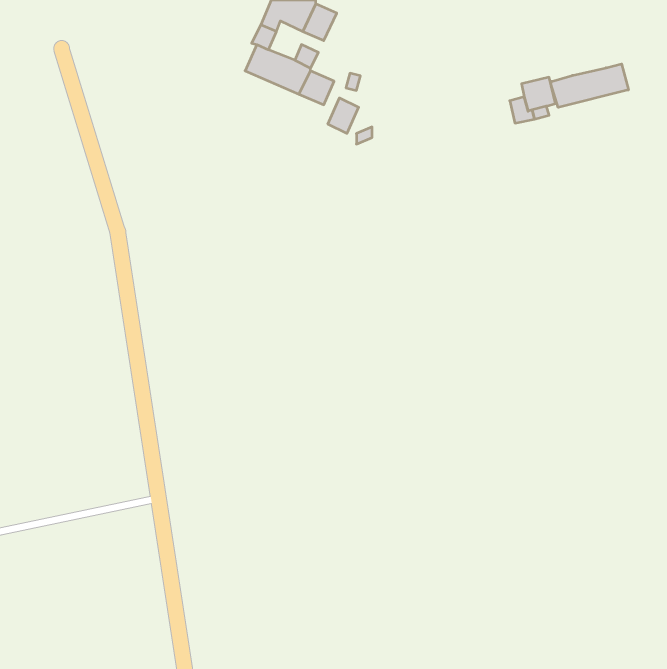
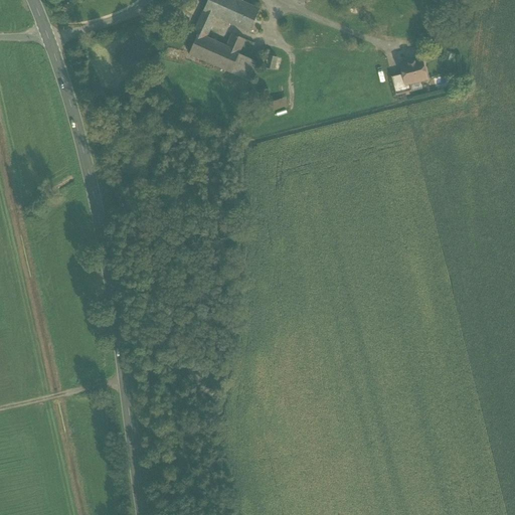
building: [551,64,628,107] -> none
building: [328,98,359,133] -> none

